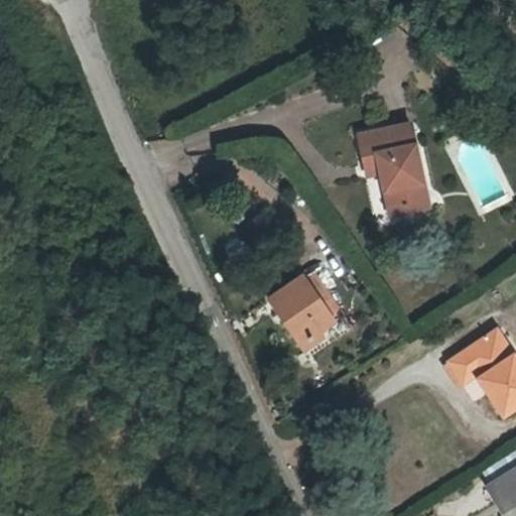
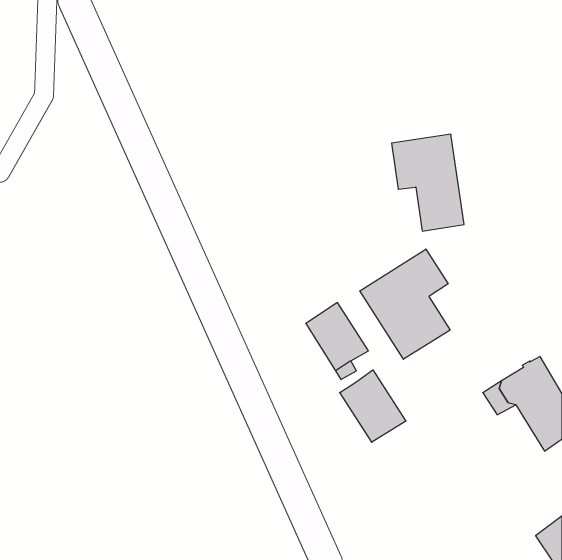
building: none -> [360,249,450,359]
building: none -> [340,370,406,442]

